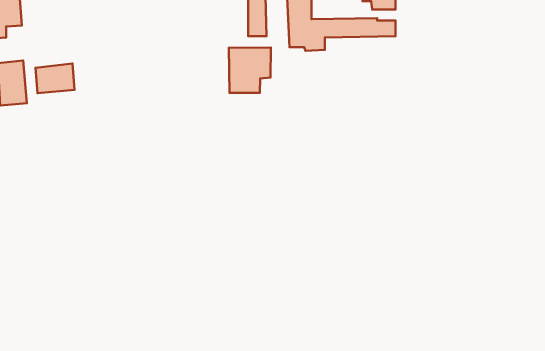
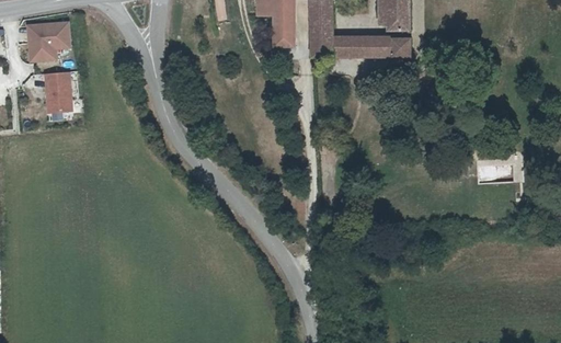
building: [229,47,271,93] -> none
building: [36,64,75,93] -> none

